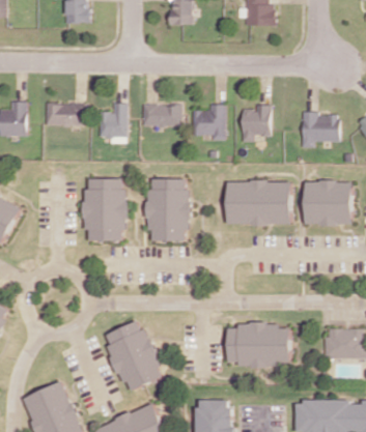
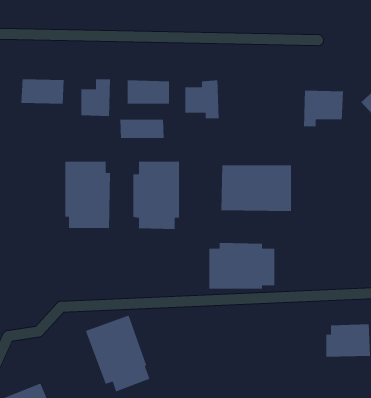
building: [243,105,272,142] -> none
building: none -> [120,119,164,139]
building: [306,181,353,225] -> none
building: [229,322,290,366] -> [209,242,275,290]

